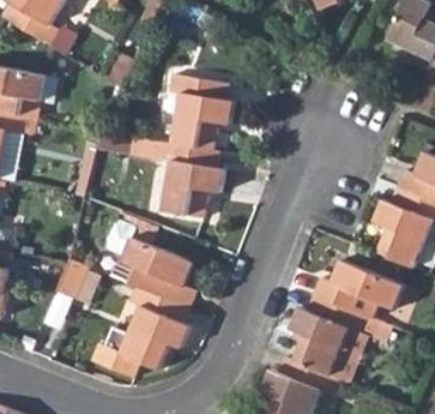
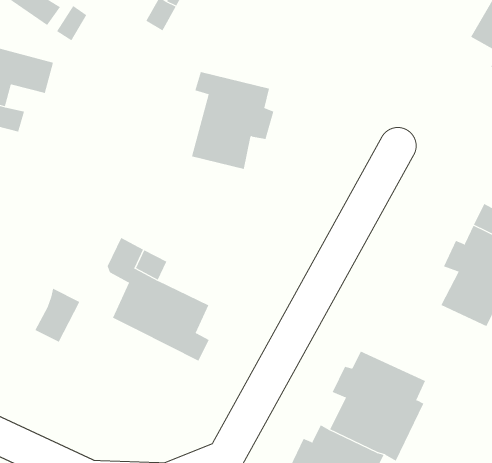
building: [157,144,220,221] -> none
building: [315,256,405,314] -> none
building: [91,288,189,378] -> none

